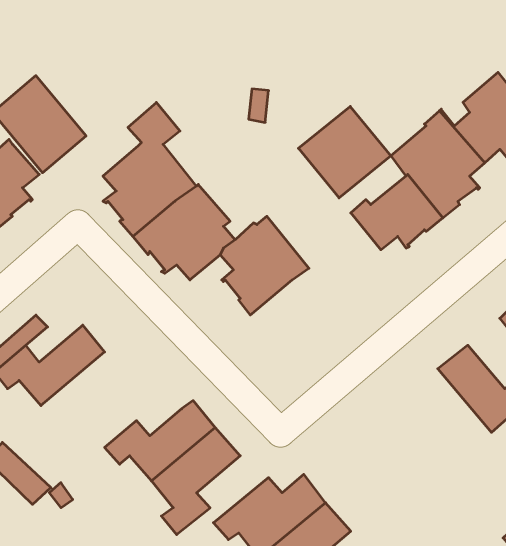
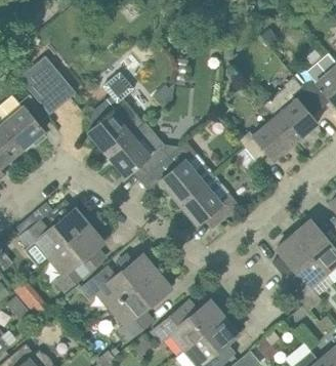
building: [298,106,391,198] -> none
building: none -> [177,173,240,229]
building: none -> [49,225,106,291]
building: none -> [277,235,325,309]

